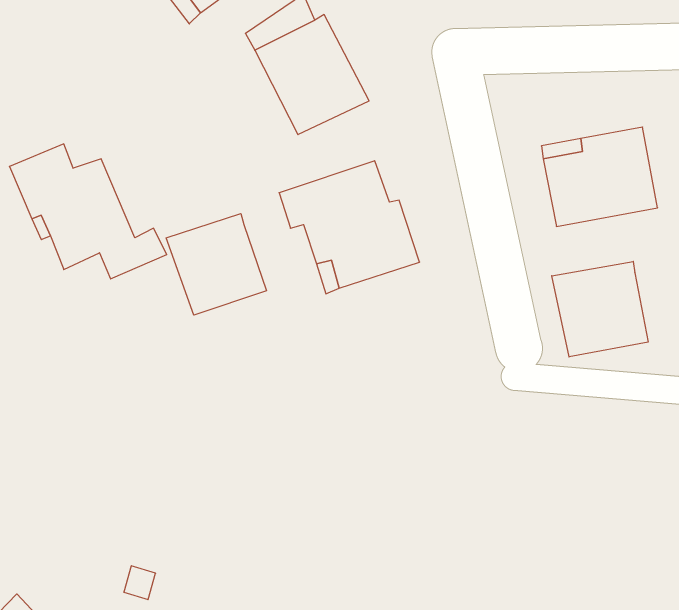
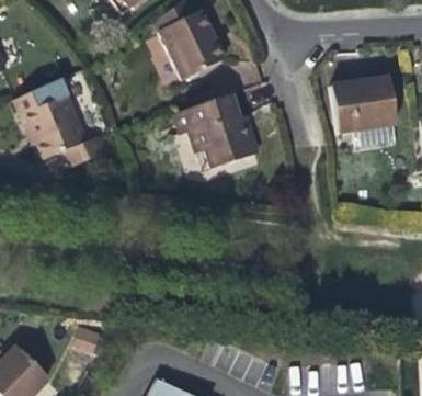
building: [166,214,266,315] -> none
building: [552,261,648,357] -> none

